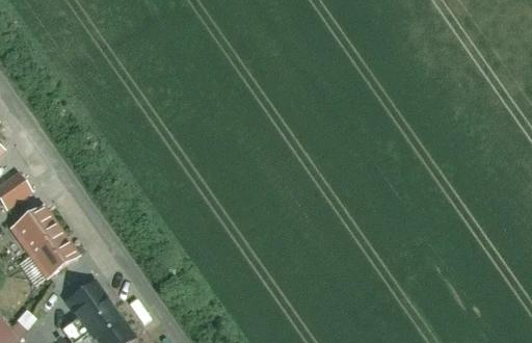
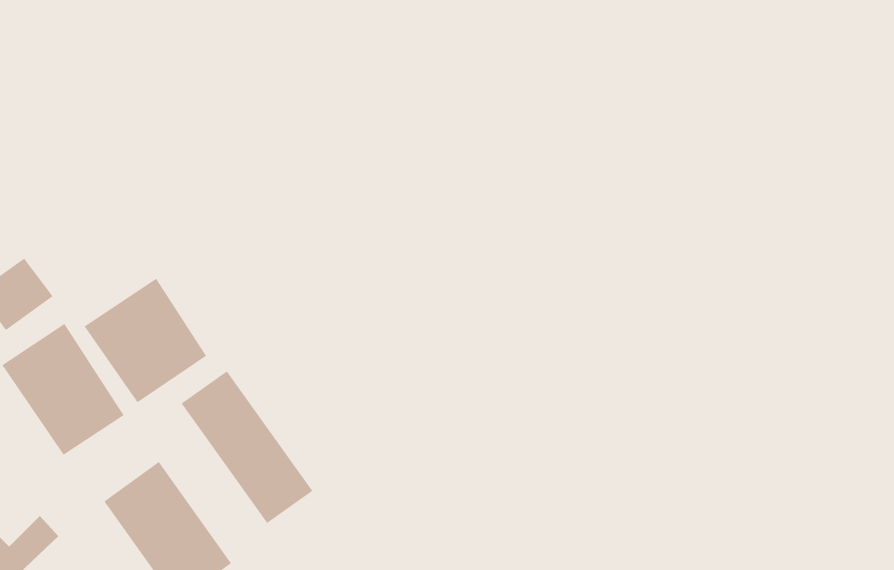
building: none -> [84,278,207,403]
building: none -> [181,371,313,524]

